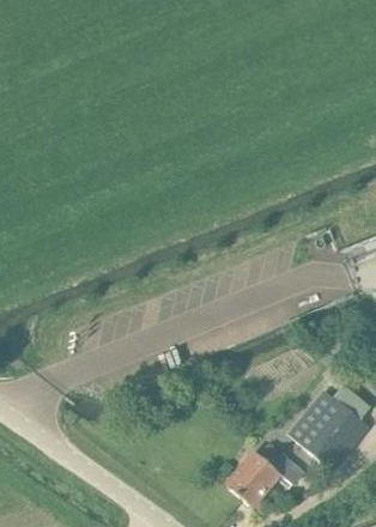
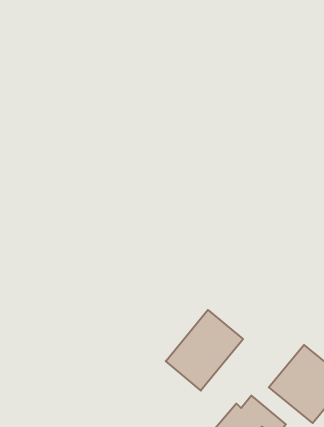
building: none -> [166,310,243,391]

